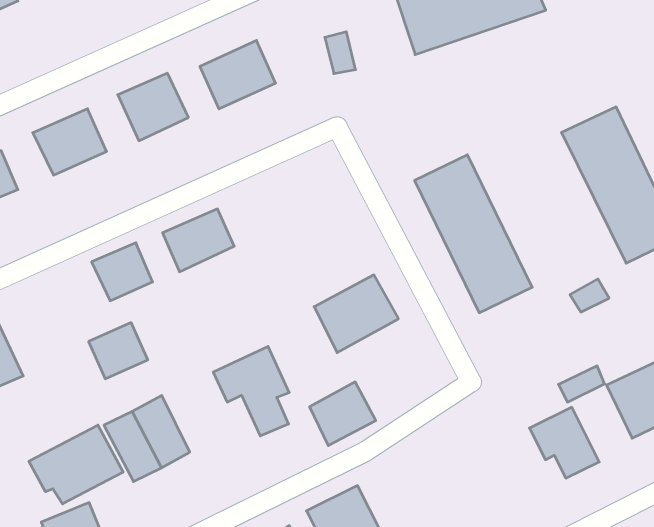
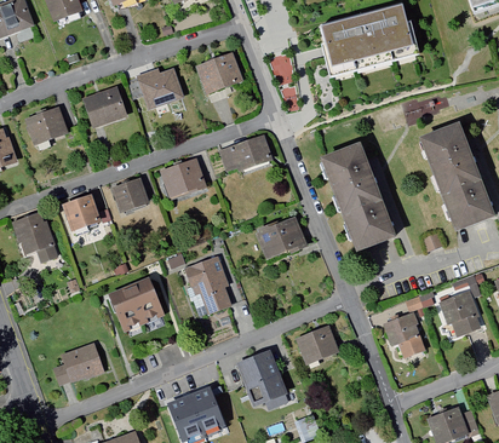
building: none -> [213,134,269,176]
building: [89,323,148,379] -> [59,197,97,232]
building: [310,382,376,446] -> [296,326,338,366]
building: [29,425,123,504] -> none

